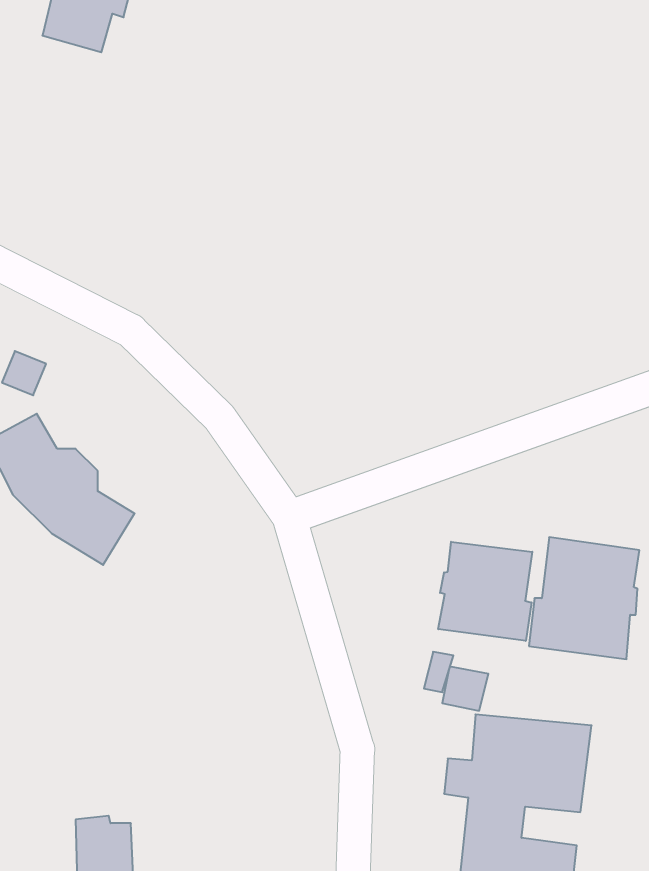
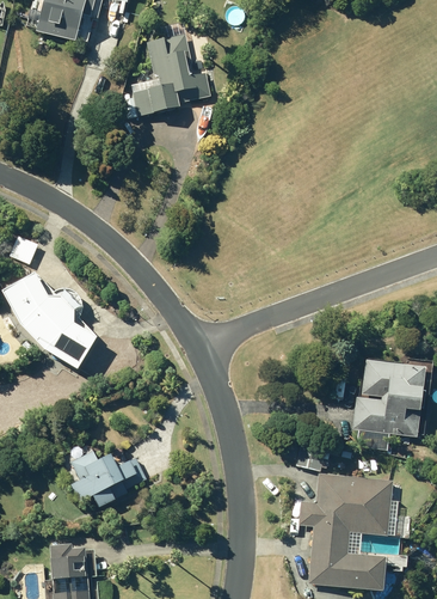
building: none -> [125,32,211,117]
building: [438,542,532,641] -> none
building: none -> [70,452,148,508]

